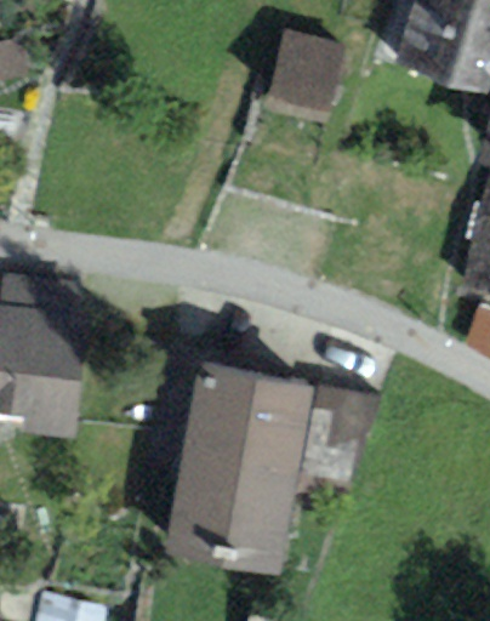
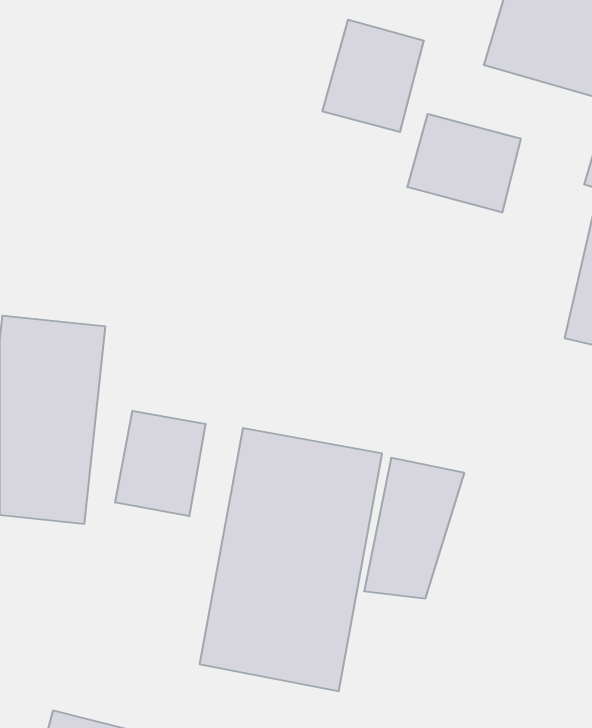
building: none -> [407,114,521,213]
building: none -> [115,411,205,516]

